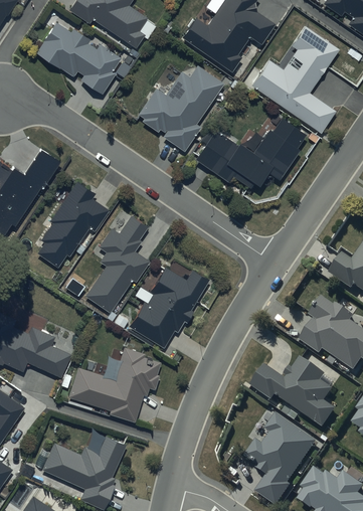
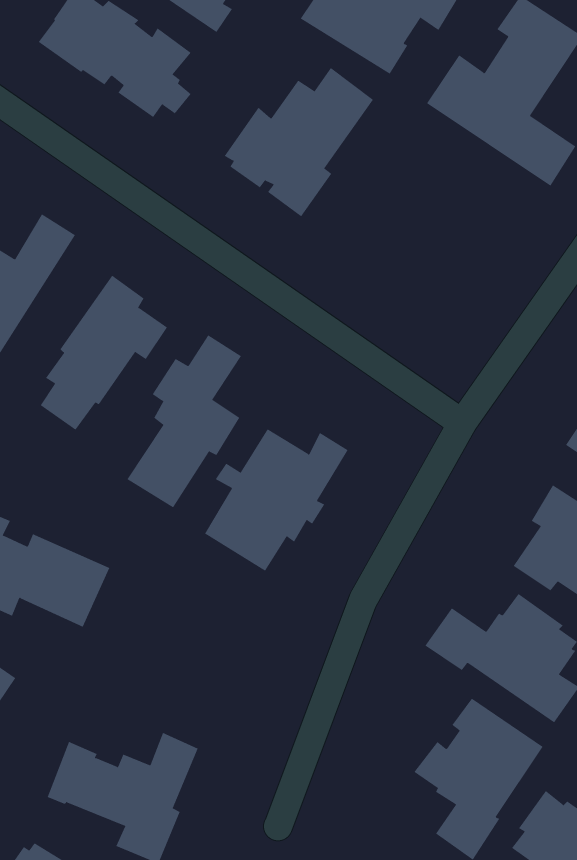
building: [197,114,309,188] -> none
building: [70,344,164,420] -> none

